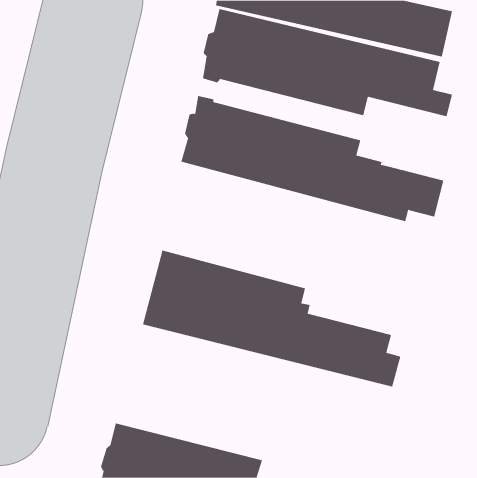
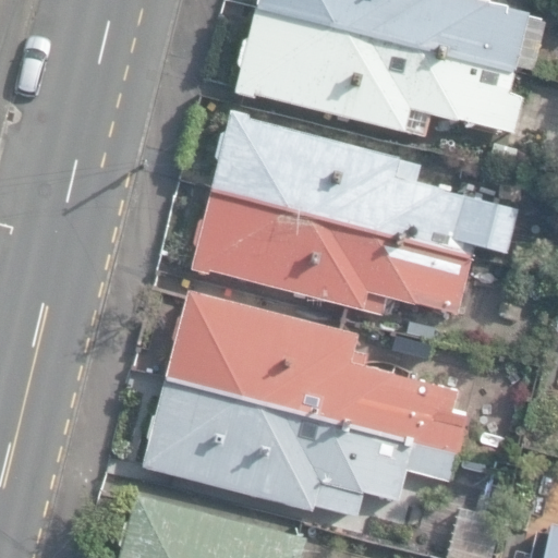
building: none -> [190,189,473,314]
building: none -> [137,378,460,518]

